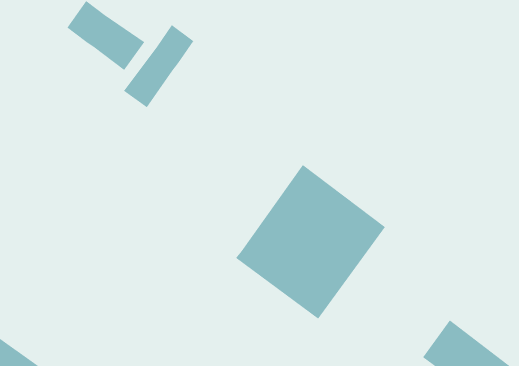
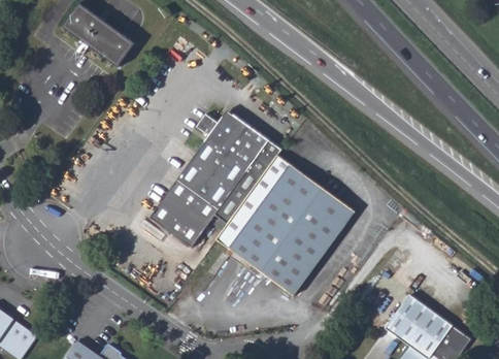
building: [123,24,194,108] -> none
building: none -> [148,113,279,247]

